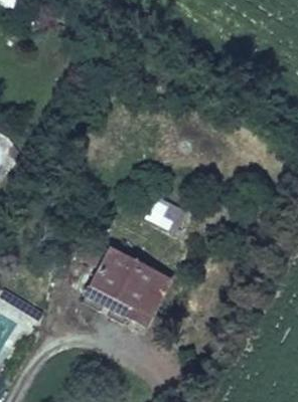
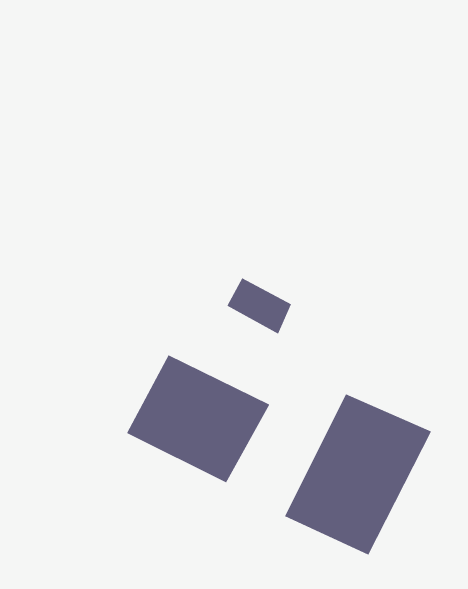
building: none -> [284,393,432,556]

